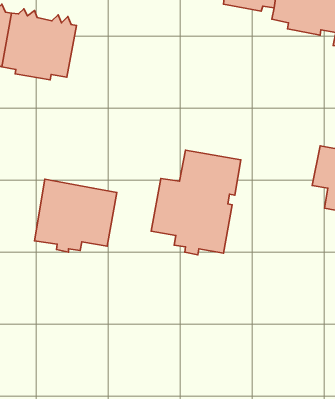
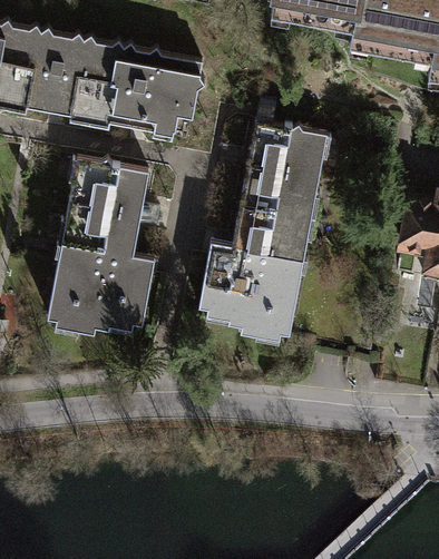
building: none -> [91,40,207,130]
building: none -> [242,119,328,216]
building: none -> [64,157,146,252]

